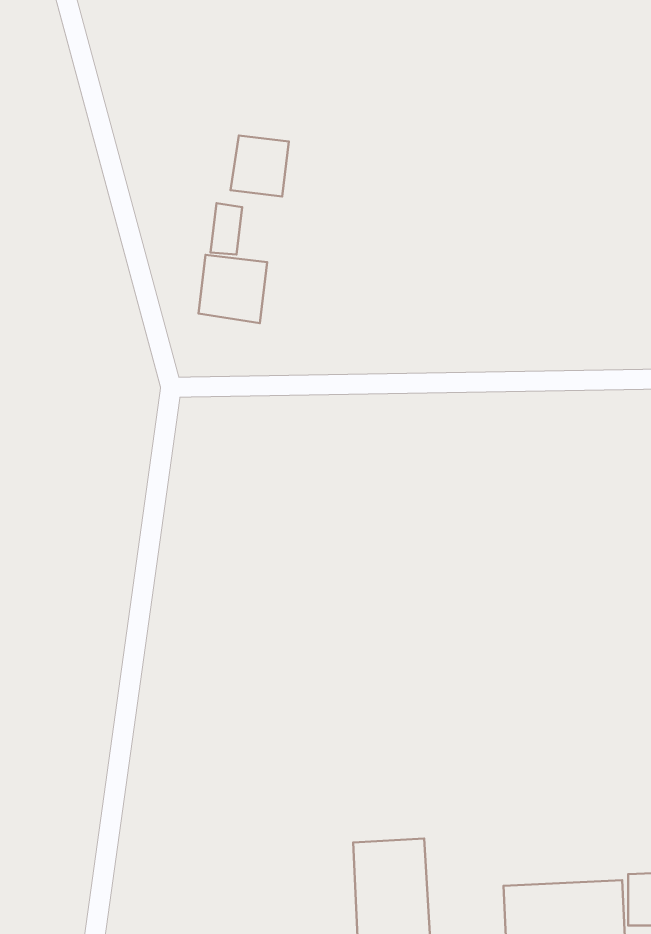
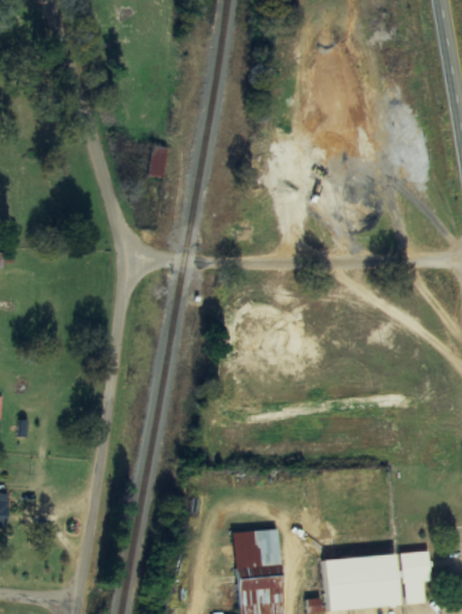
building: [230,136,289,197] -> none
building: [199,255,267,323] -> none

